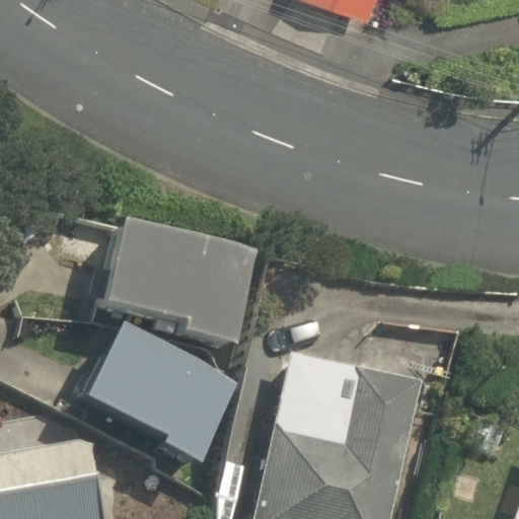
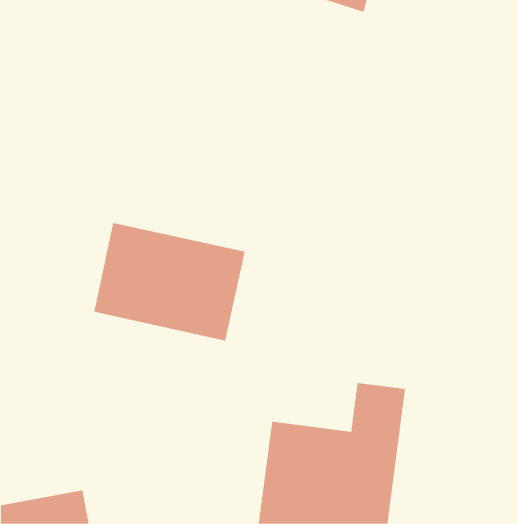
building: [75,317,243,468] -> none

